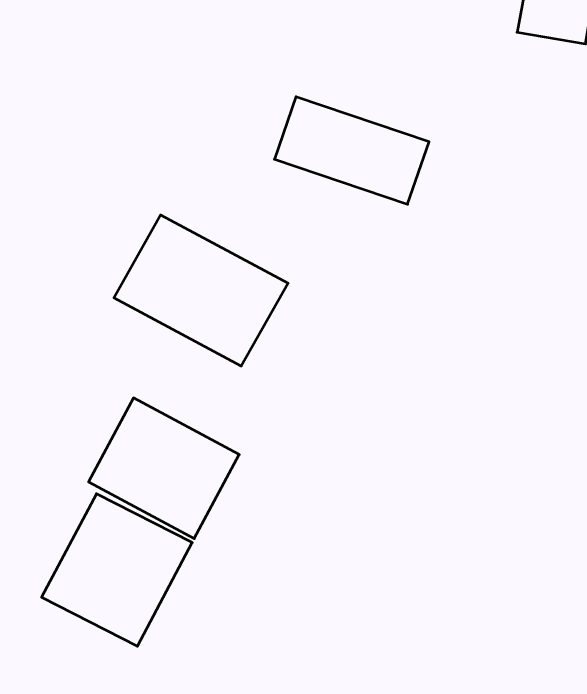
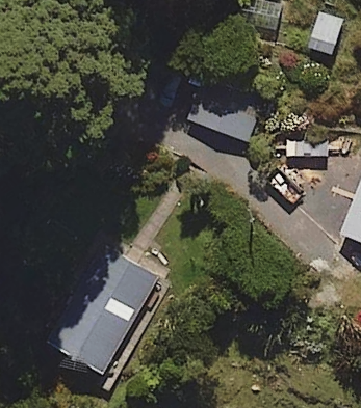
building: [114,215,288,366] -> none

